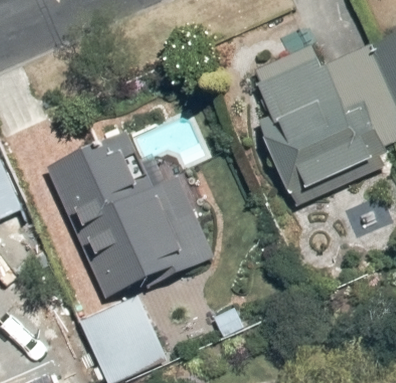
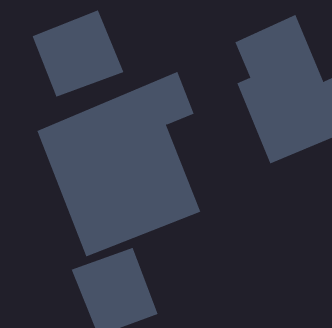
building: none -> [32,10,124,97]

